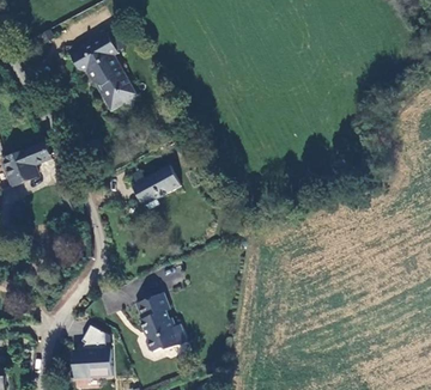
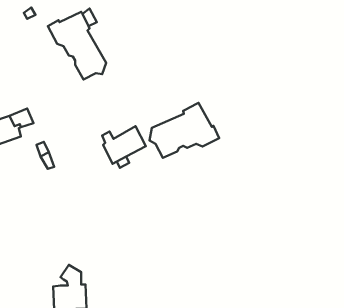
building: none -> [150,103,219,158]
building: [134,291,188,351] -> none

